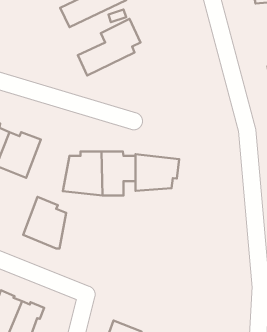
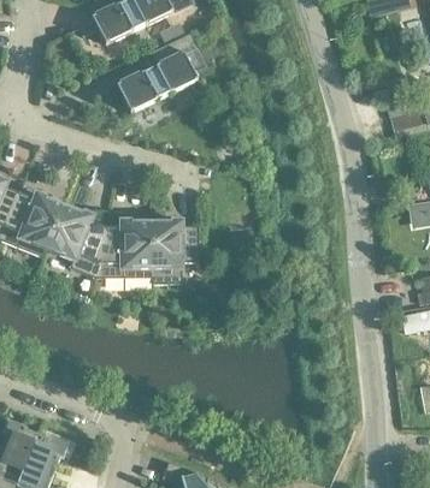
building: [135,154,179,191] -> none
building: [23,197,66,248] -> [45,203,106,276]

